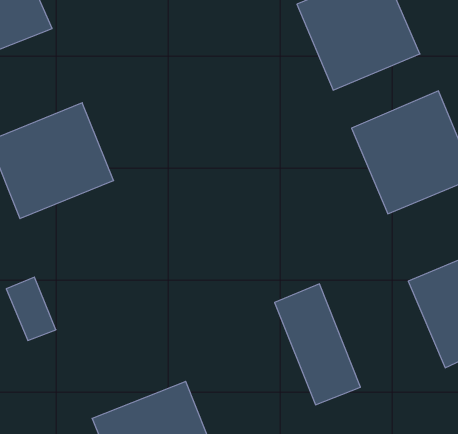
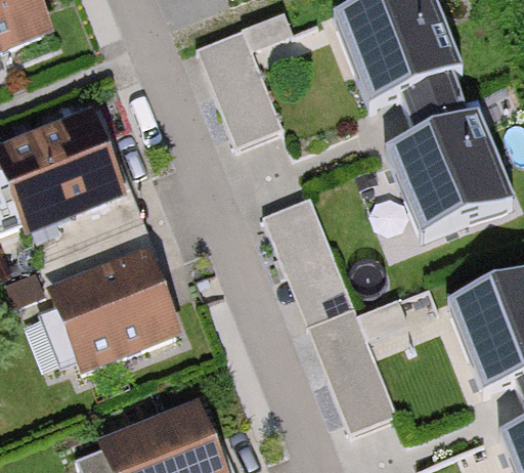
building: none -> [190,23,279,143]
building: none -> [259,191,350,320]
building: none -> [60,255,191,376]

